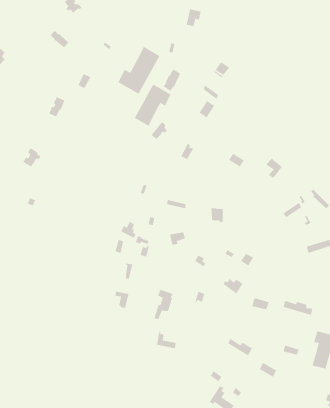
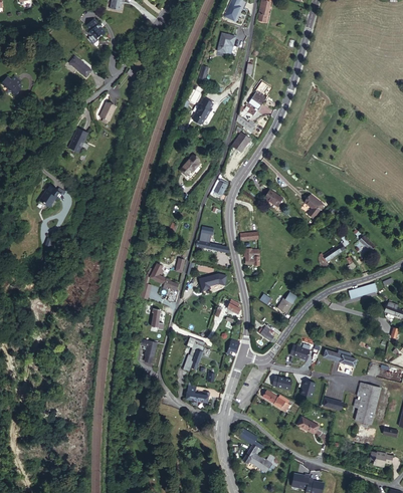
building: [117,46,160,95] -> none
building: [134,83,172,127] -> none

